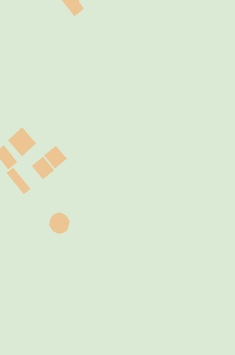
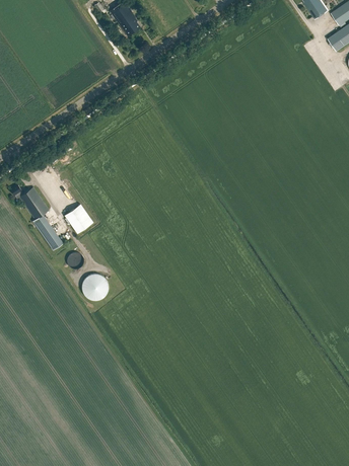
building: [7,127,37,157] -> none
building: [43,145,68,169] -> none

